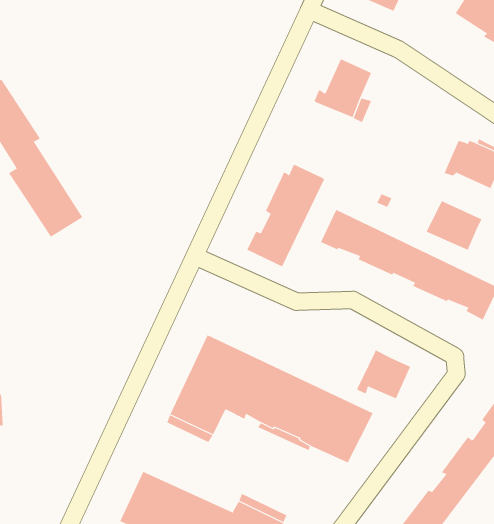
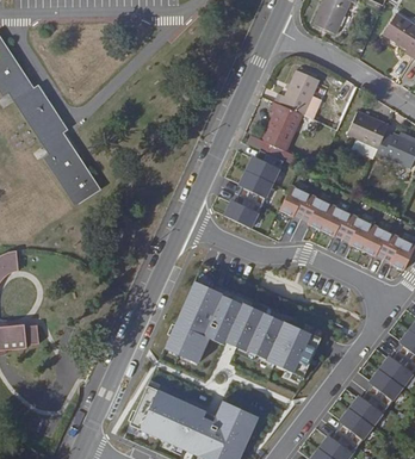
building: none -> [248,100,303,160]
building: [426,200,482,251] -> [346,110,389,148]
building: [357,349,411,399] -> none

